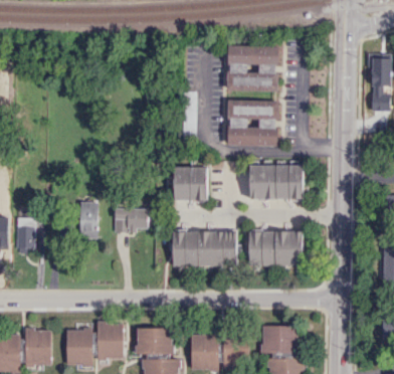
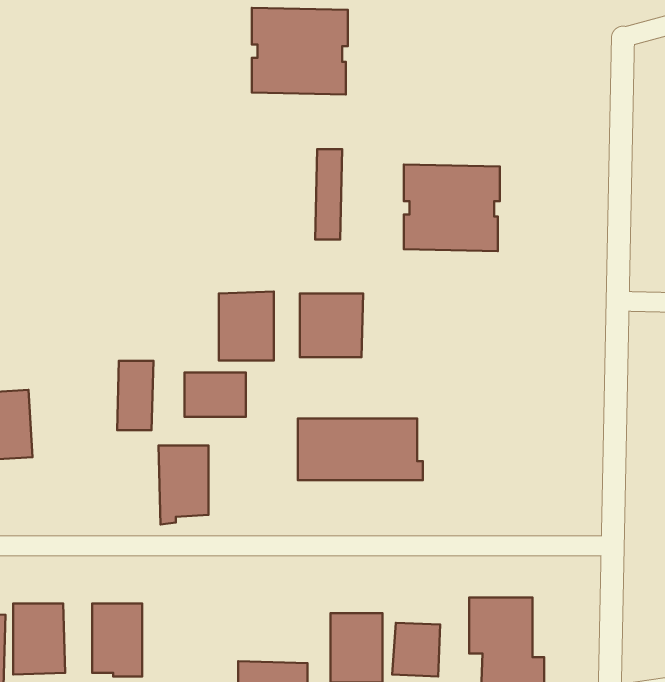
building: [228,45,278,90] -> [252,8,348,94]
building: [250,164,308,200] -> none
building: none -> [219,291,274,360]
building: [249,231,303,264] -> none
building: [96,322,123,363] -> [158,445,209,524]
building: [135,328,172,354] -> none

